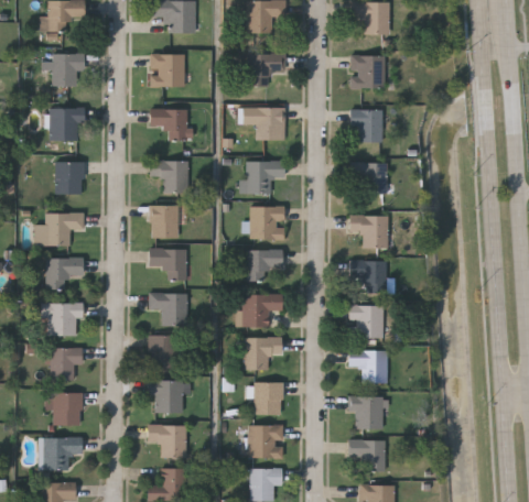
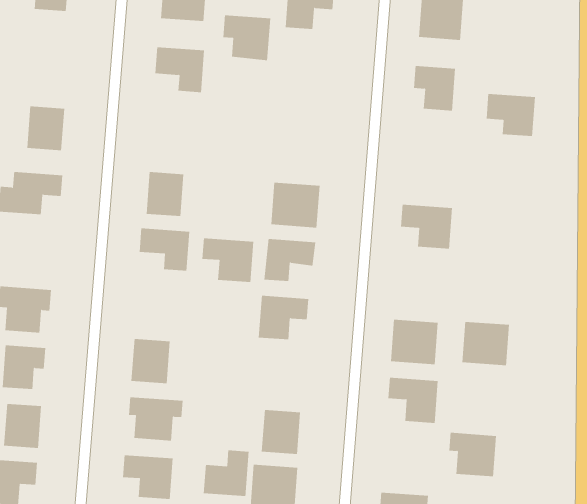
building: [248,107,284,140] -> [223,15,271,61]
building: [50,108,85,140] -> none
building: [149,161,188,193] -> none
building: [246,161,284,194] -> none
building: [350,162,388,193] -> [486,93,536,137]
building: [46,258,84,290] -> none
building: [352,261,387,293] -> [461,321,510,366]
building: [149,293,188,325] -> [202,238,254,283]
building: [244,337,282,370] -> none
building: [348,396,385,428] -> [449,432,497,477]
building: none -> [203,450,249,497]

